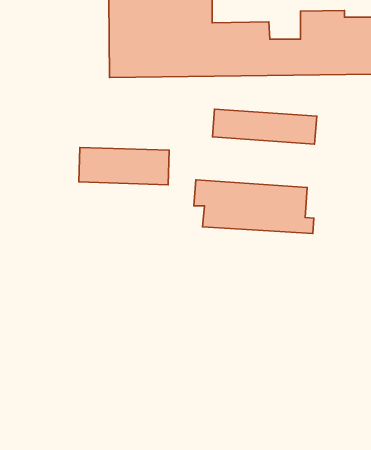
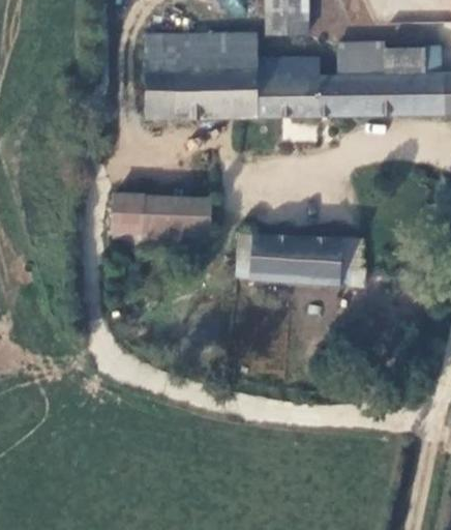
building: [212,109,317,144] -> none

